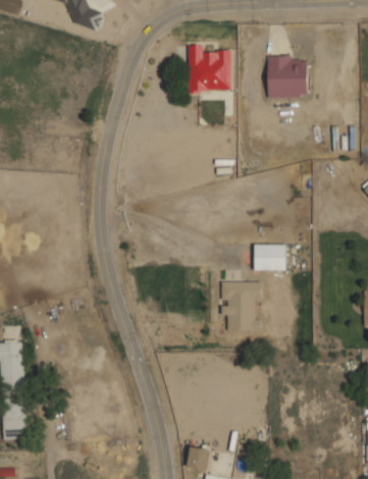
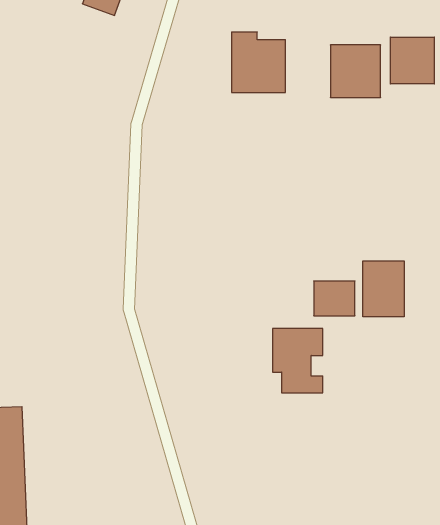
building: none -> [390,37,434,84]
building: none -> [363,261,404,317]

